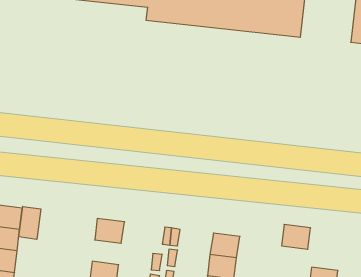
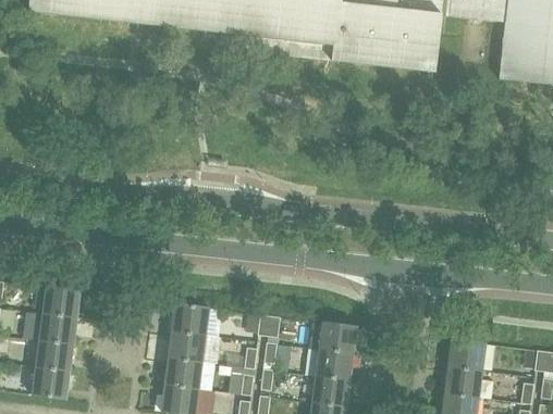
building: [19,206,41,239] -> none
building: [282,224,311,249] -> [448,337,486,368]
building: none -> [169,329,206,361]

